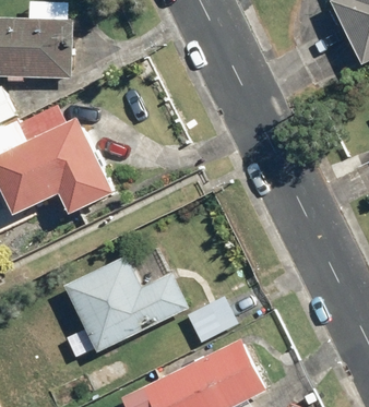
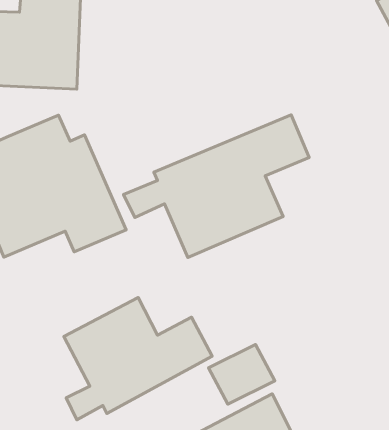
building: none -> [124,115,309,258]

